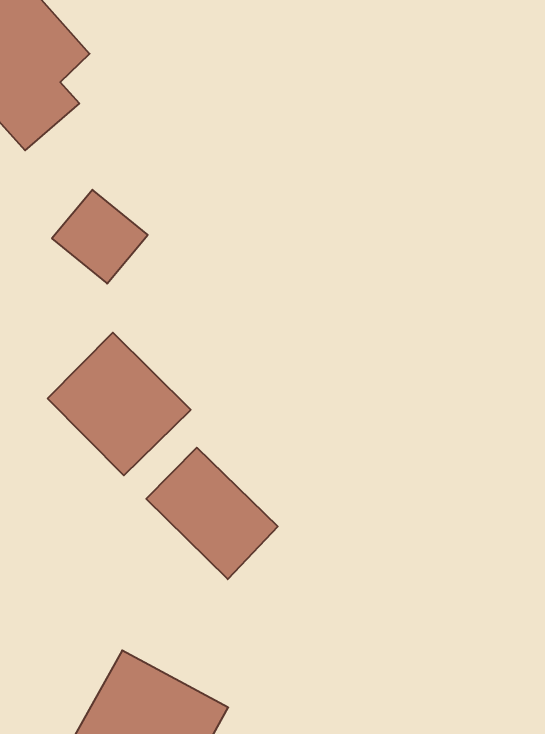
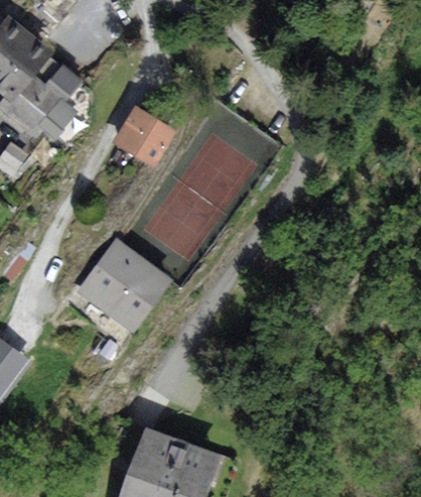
building: [52,190,148,284] -> [115,108,171,162]
building: [146,448,278,579] -> none

